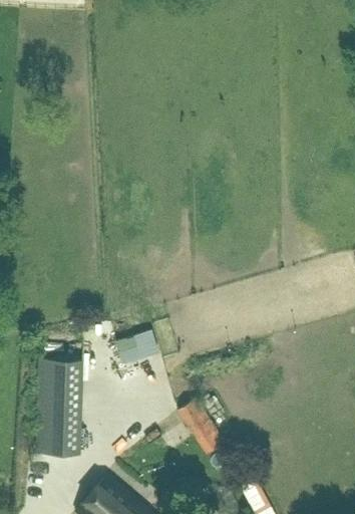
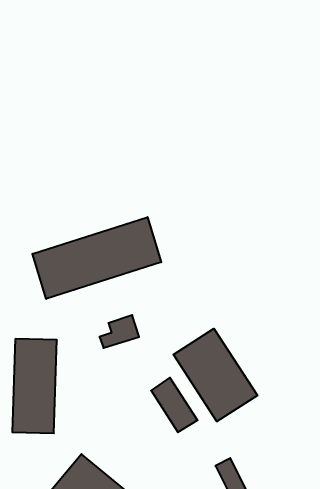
building: none -> [32,217,161,299]
building: none -> [173,329,257,422]

